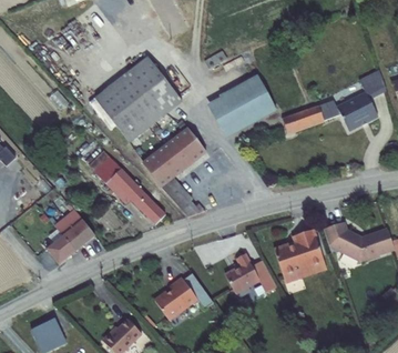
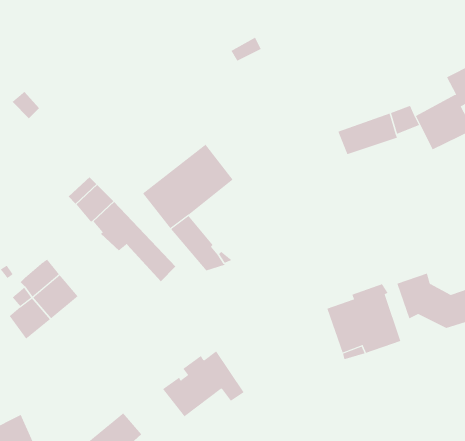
building: [93,57,182,143] -> none
building: [206,75,276,139] -> none
building: [224,251,276,293] -> none

